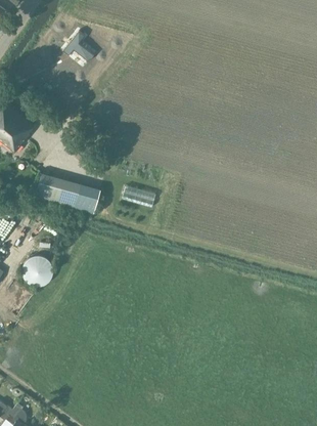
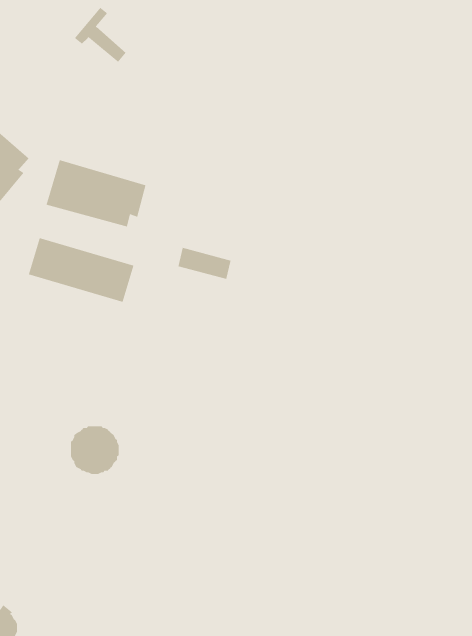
building: none -> [46,159,147,227]
building: [22,256,53,287] -> [70,425,120,475]

